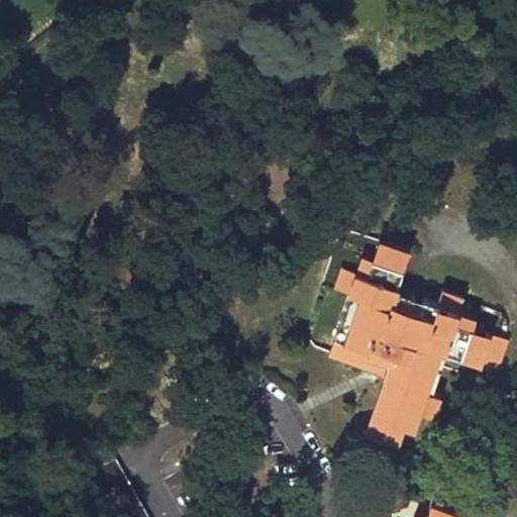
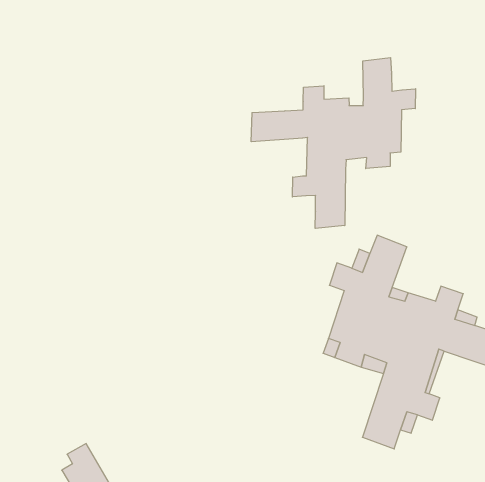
building: none -> [251,58,416,228]

